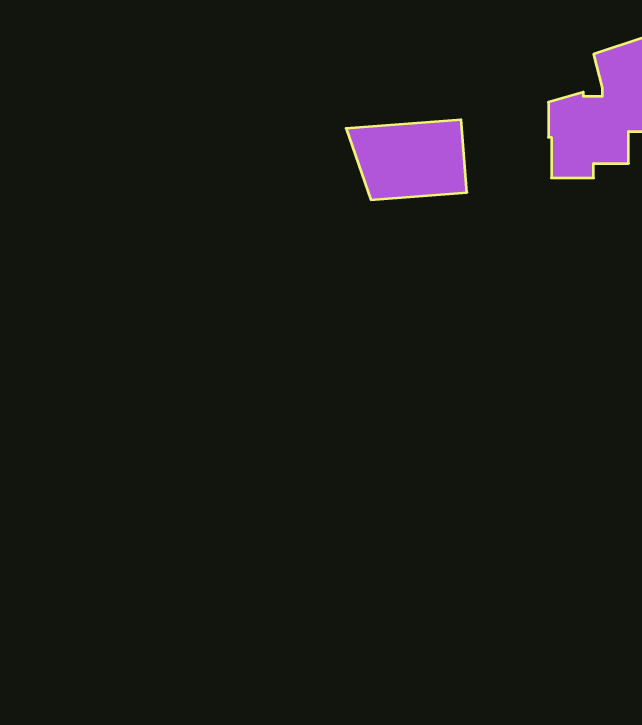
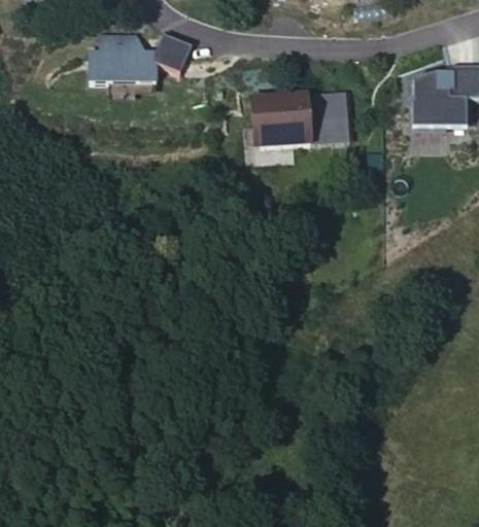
building: none -> [92,34,195,86]
building: none -> [256,95,283,147]

